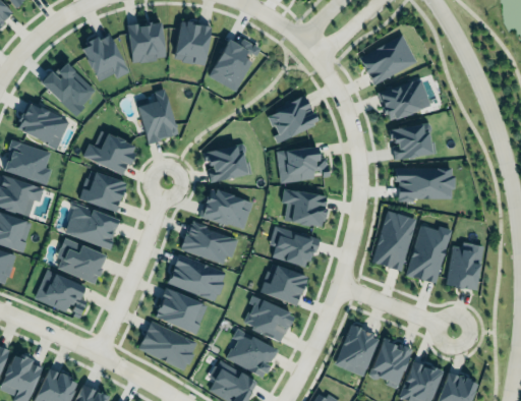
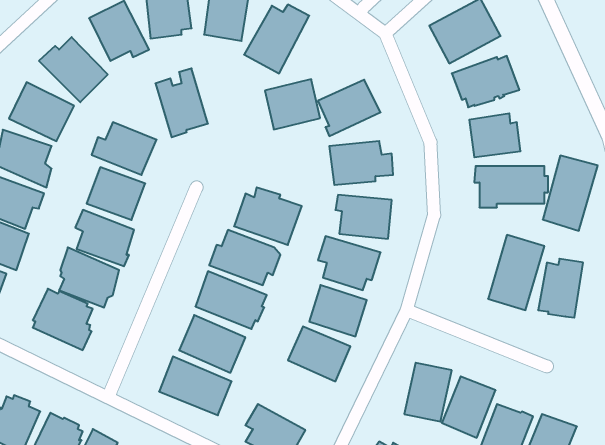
building: [204,142,248,183] -> [265,79,320,129]
building: [372,212,417,273] -> [543,156,598,231]
building: [227,330,278,379] -> none

